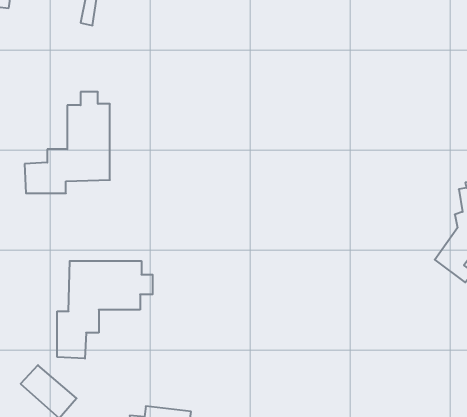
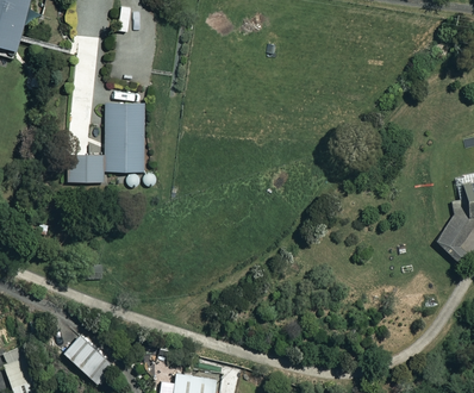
building: [57,261,153,359] -> none

